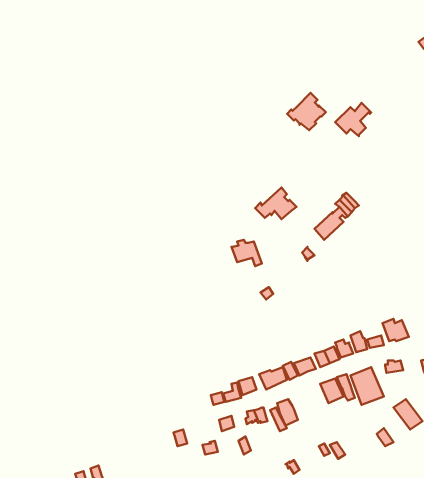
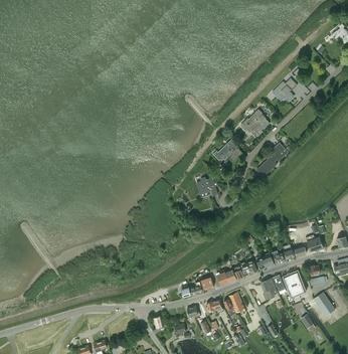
building: [287,93,326,130] -> [241,110,270,137]

